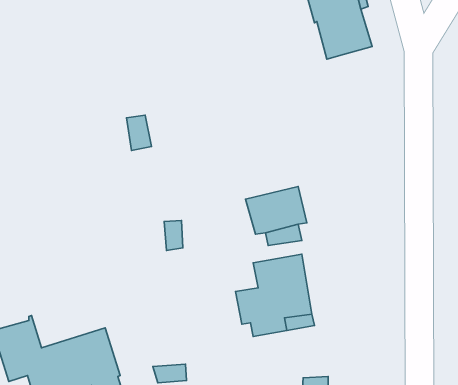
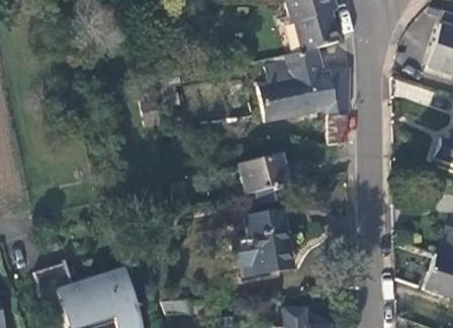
building: none -> [259,47,350,142]

